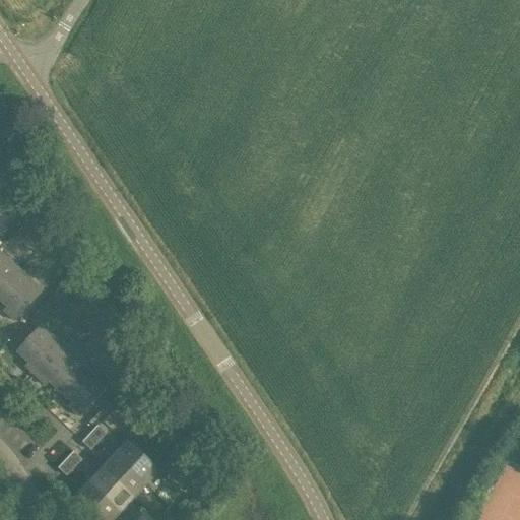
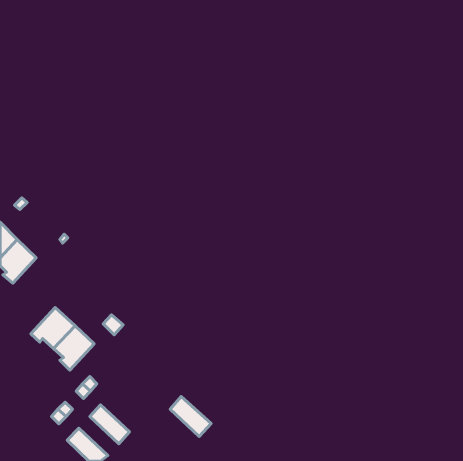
building: [16,324,62,374] -> none
building: [113,439,158,483] -> [170,396,211,436]
building: [88,466,133,510] -> none

